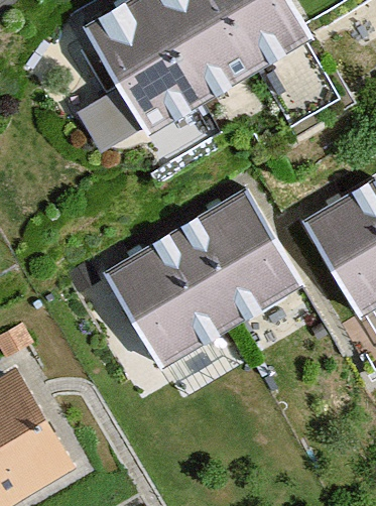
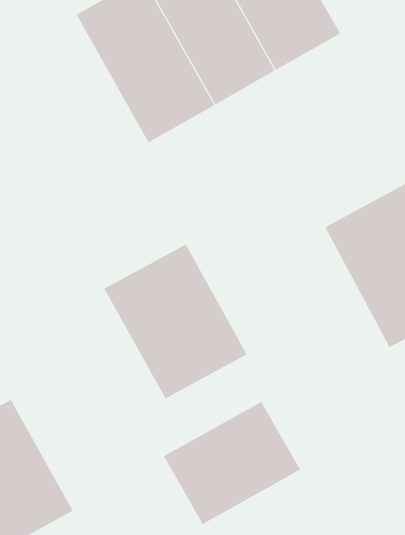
building: [176,191,302,330] -> none
building: none -> [163,401,301,525]

